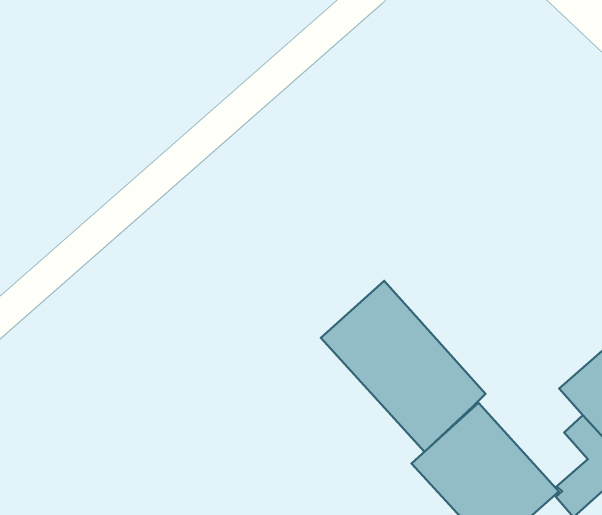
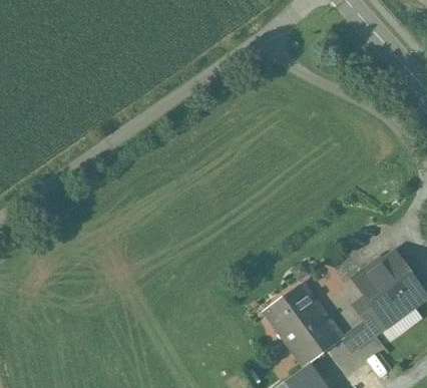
building: [321,281,485,452] -> none

